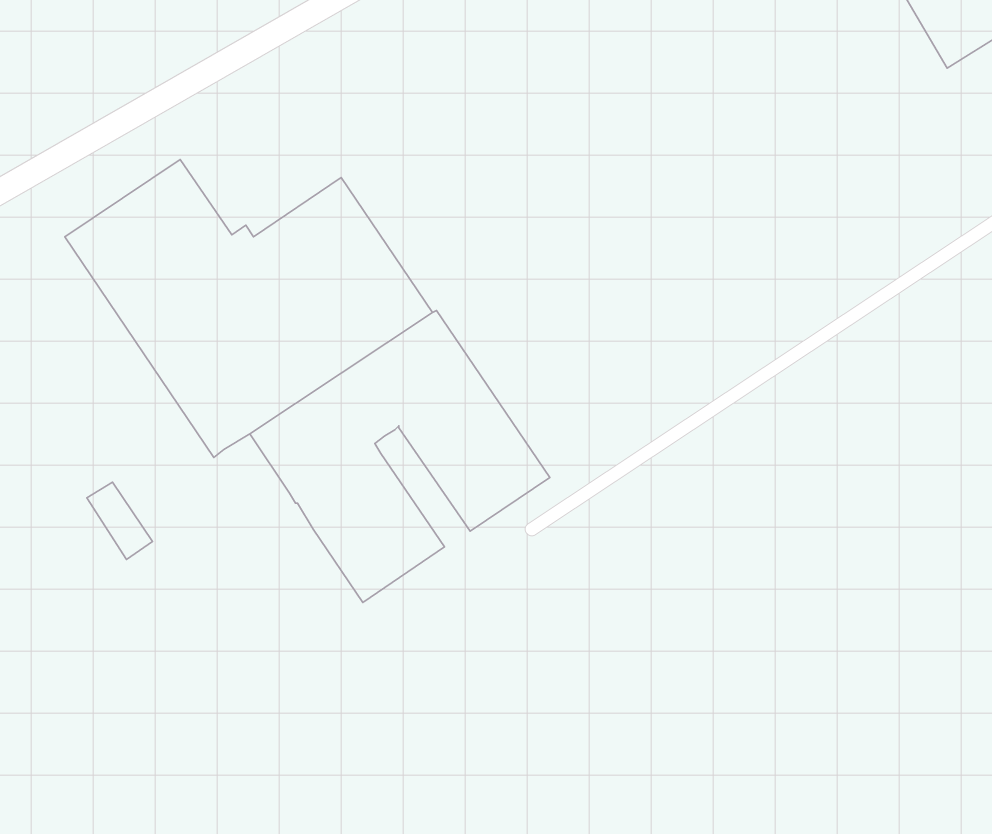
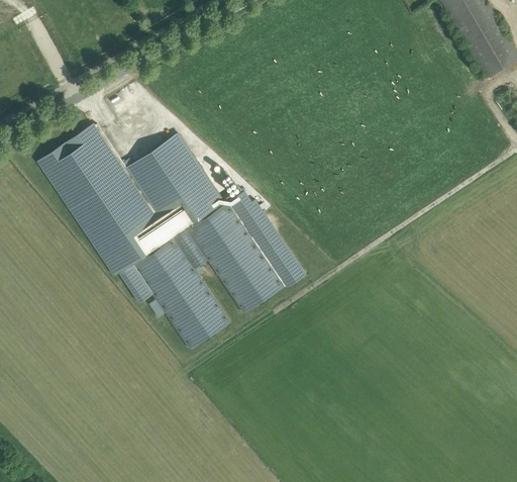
building: none -> [227,190,305,286]
building: [87,482,152,560] -> [118,263,151,302]

